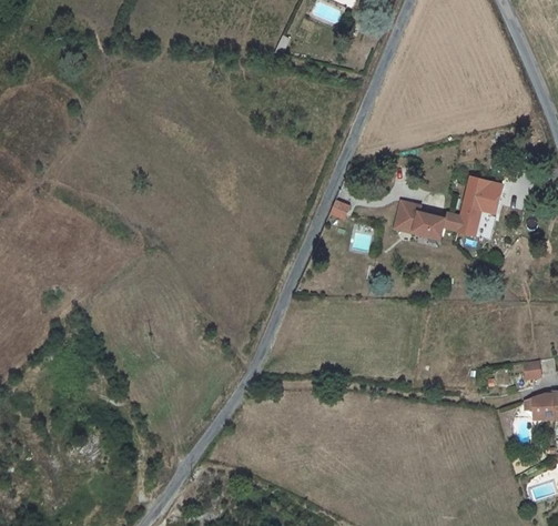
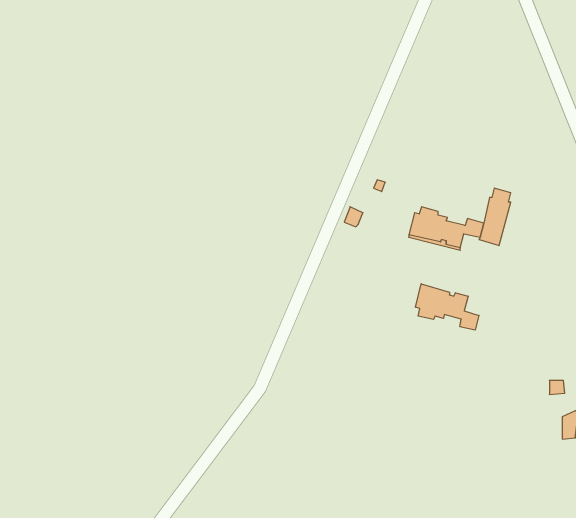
building: none -> [415,284,479,330]

